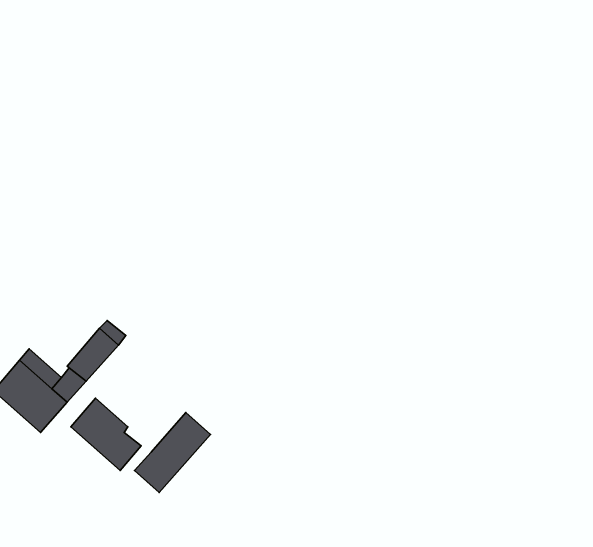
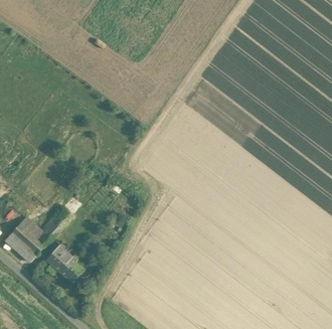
building: [135,413,211,493] -> none

